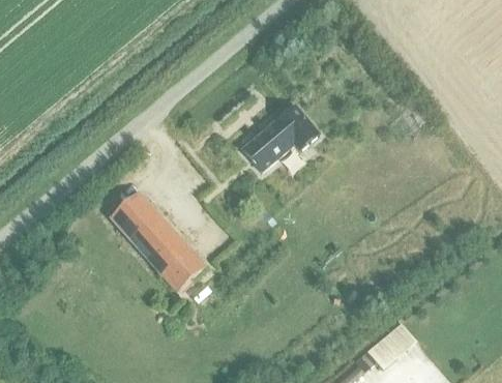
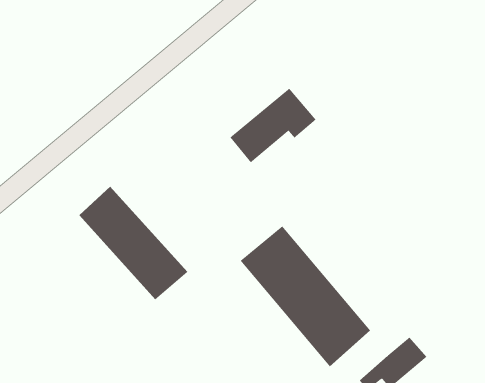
building: none -> [240,226,371,367]

